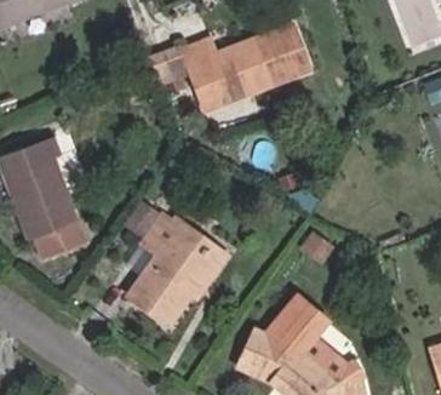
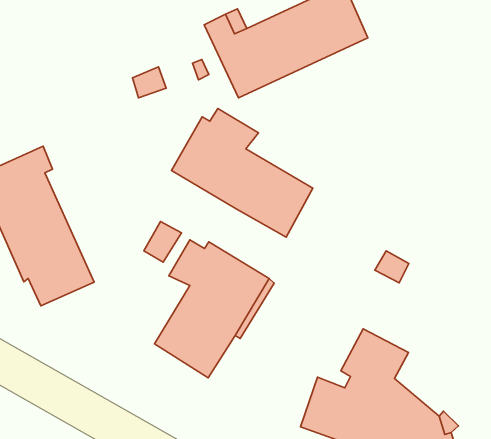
building: none -> [171,109,313,237]

